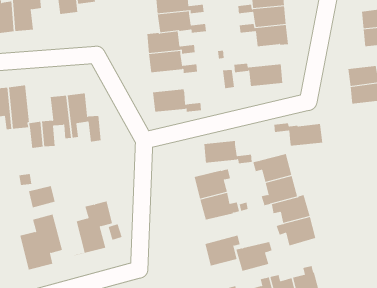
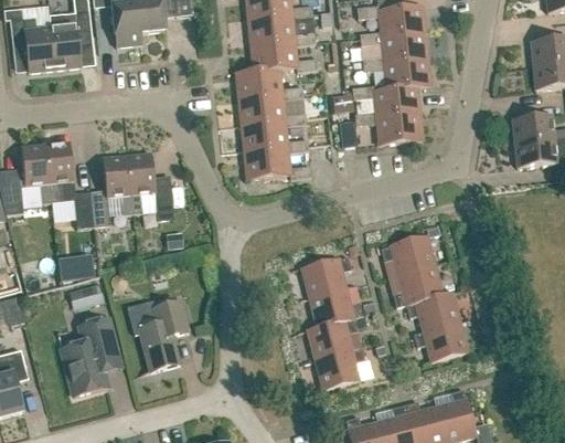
building: [273,123,323,146] -> [352,85,420,117]
building: [204,140,253,164] -> [241,120,308,152]
building: [235,242,272,271] -> [306,318,356,359]

